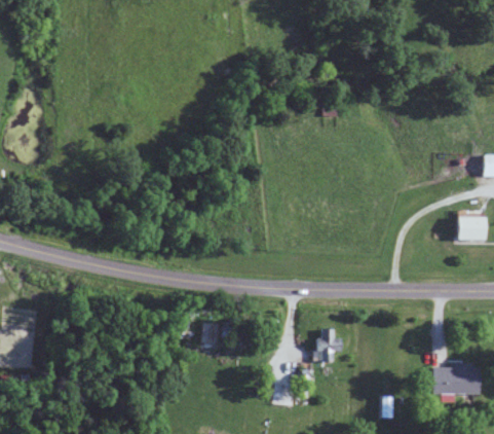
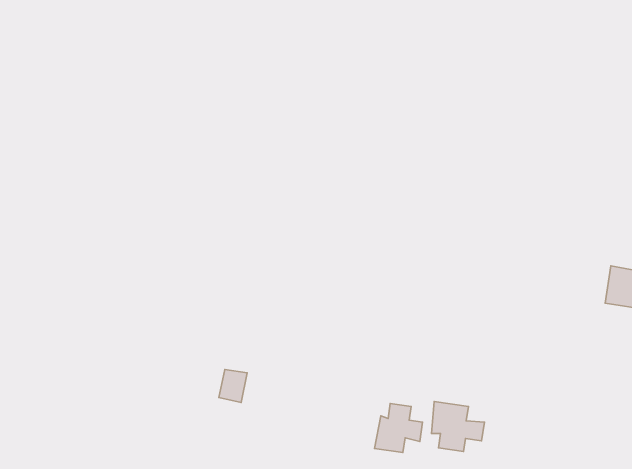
building: none -> [431,401,484,452]

